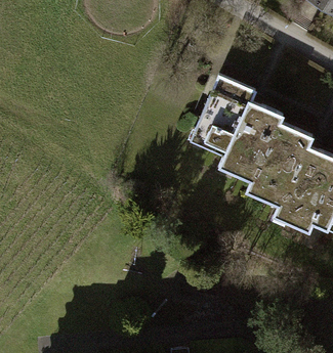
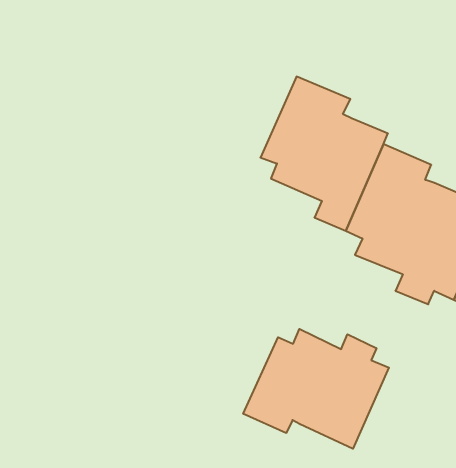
building: none -> [243,329,389,449]

